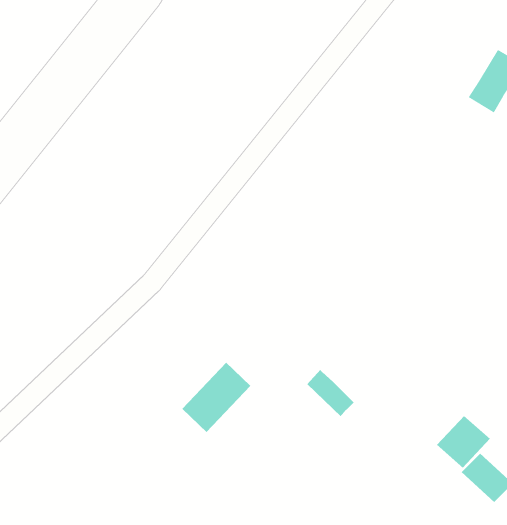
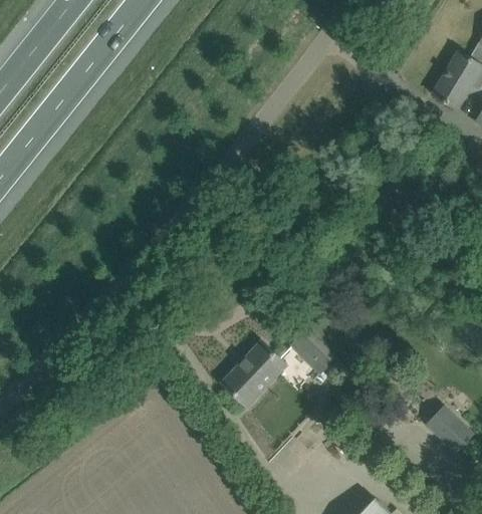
building: [181,362,251,433] -> [223,341,284,404]
building: [436,415,491,468] -> none

